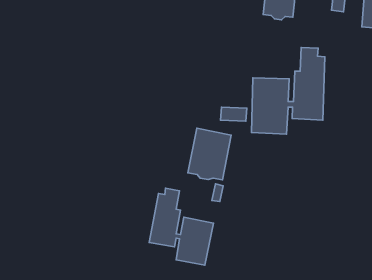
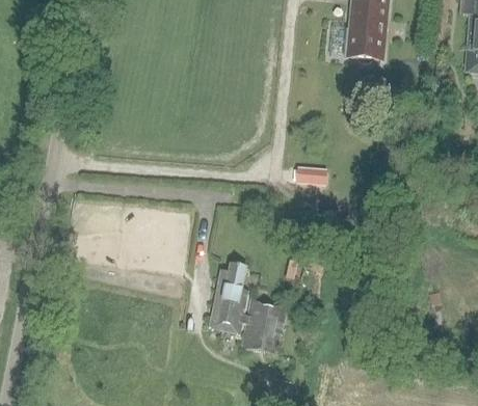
building: [252,48,325,134] -> none
building: [188,128,231,180] -> none

